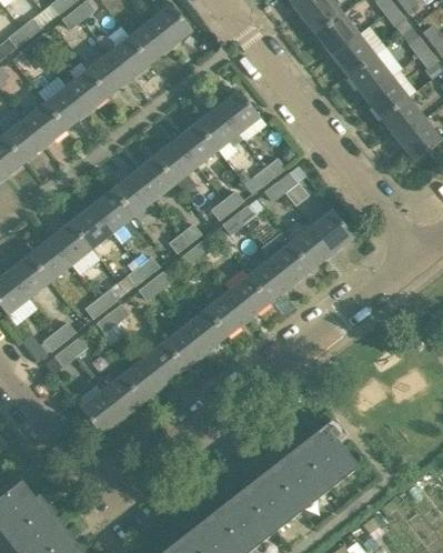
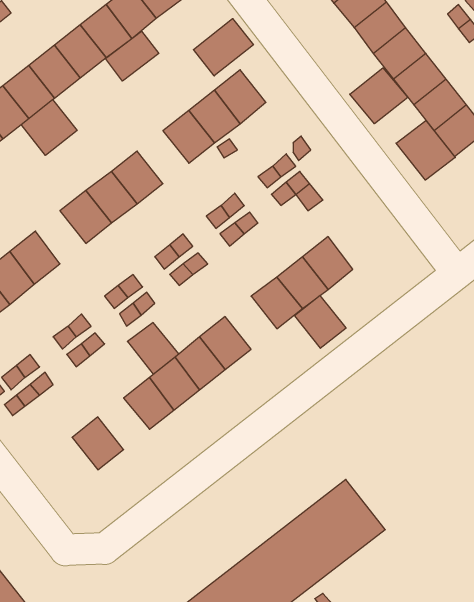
building: none -> [193,19,253,76]
building: none -> [105,31,159,81]
building: none -> [350,68,408,124]
building: none -> [21,100,77,155]
building: none -> [396,121,455,180]
building: [154,140,197,183] -> none
building: [71,205,112,249] -> none
building: [311,210,353,253] -> none
building: [226,275,269,319] -> [295,295,346,348]
building: [122,359,164,401] -> [127,323,179,374]
building: [80,391,122,435] -> none

